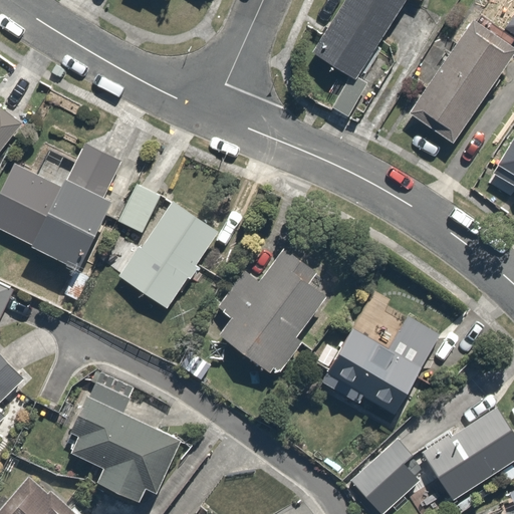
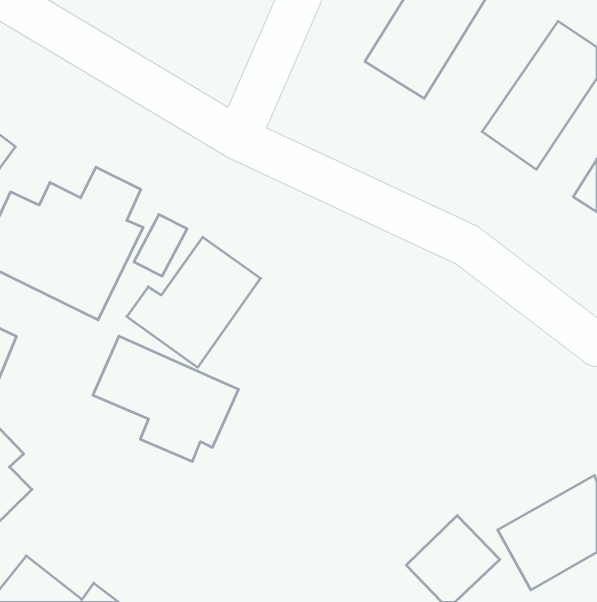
building: [211,246,343,380] -> none
building: [316,311,448,423] -> none
building: [59,397,183,503] -> [93,336,239,462]

